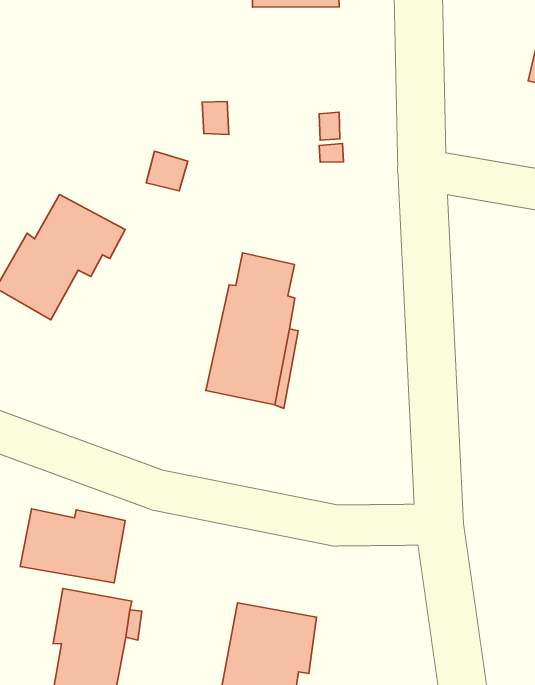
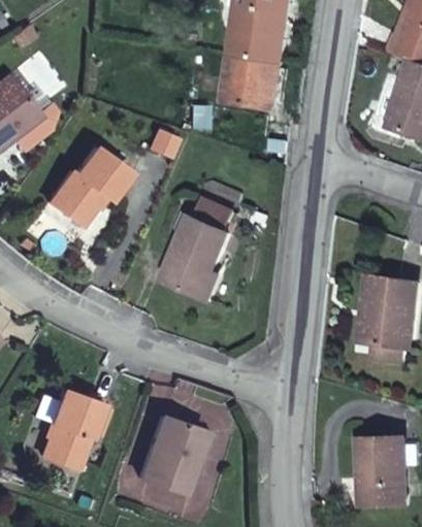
building: none -> [222,50,282,108]
building: [20,509,125,583] -> none

